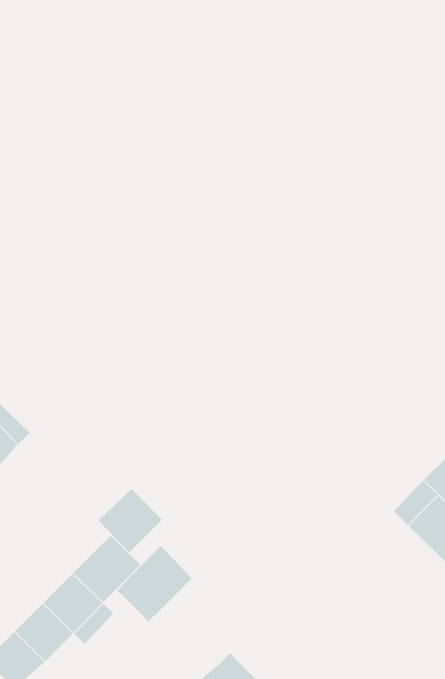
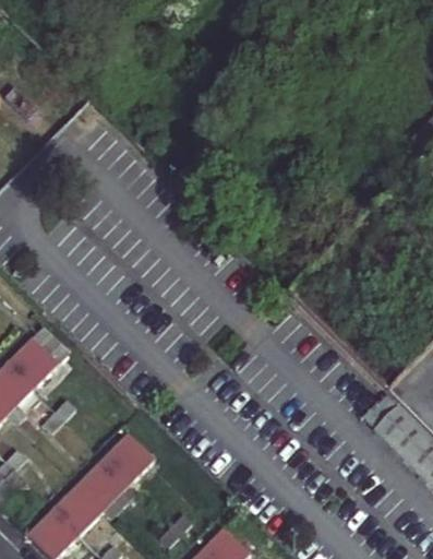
building: [98,488,163,553] -> none
building: [117,545,192,622] -> none

